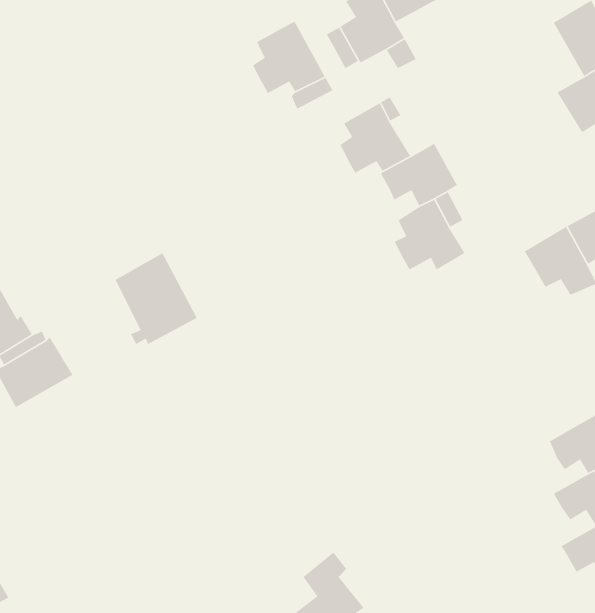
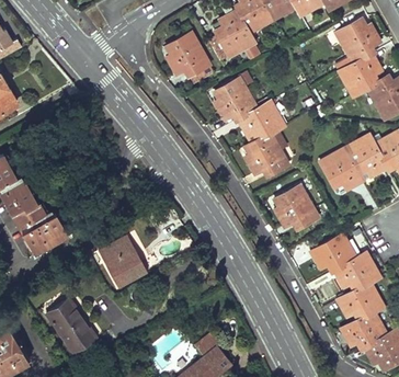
building: [114,252,198,345] -> [99,237,146,289]
building: none -> [275,186,317,228]
building: none -> [311,235,355,271]
building: none -> [45,299,94,353]

